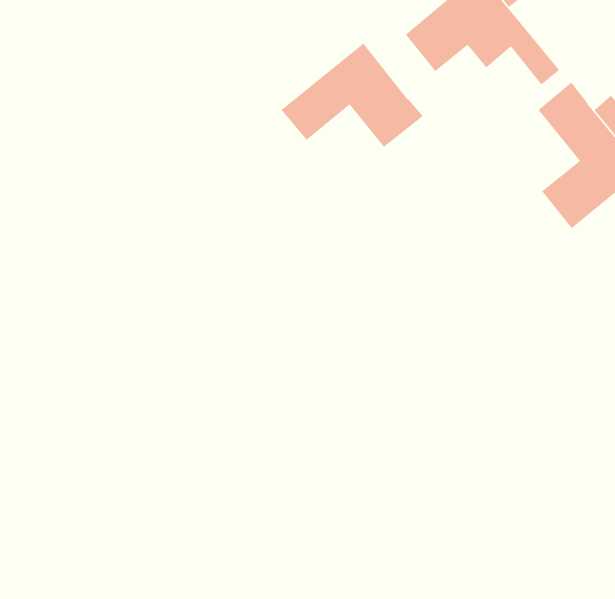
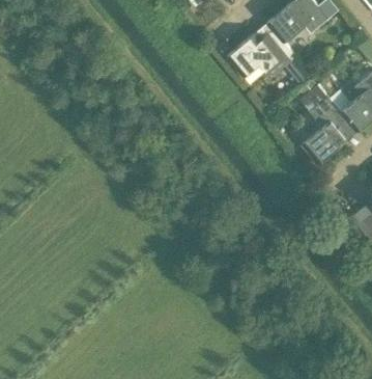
building: [281,43,424,148] -> none

